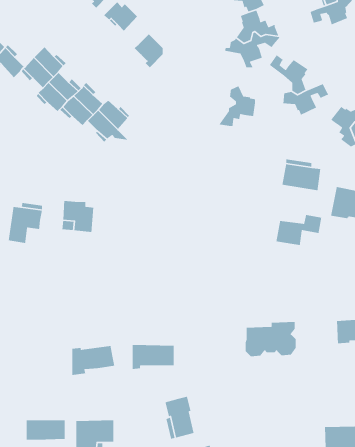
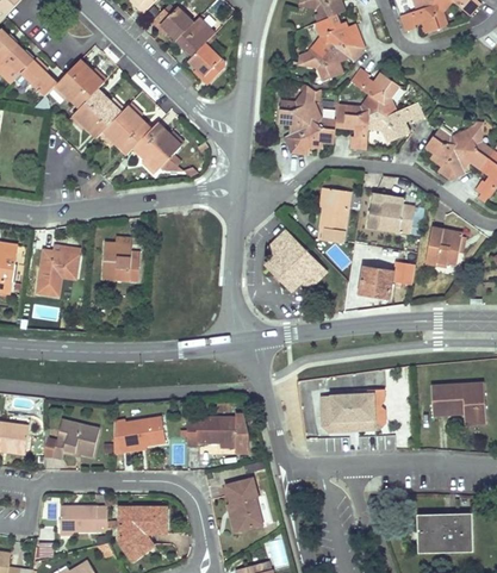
building: none -> [176,17,215,56]
building: none -> [278,85,315,152]
building: none -> [335,94,378,149]
building: none -> [319,188,350,242]
building: none -> [266,229,327,289]
building: none -> [43,418,99,459]

